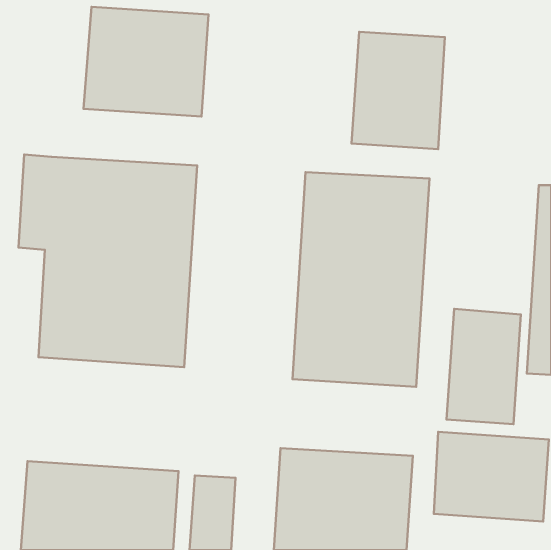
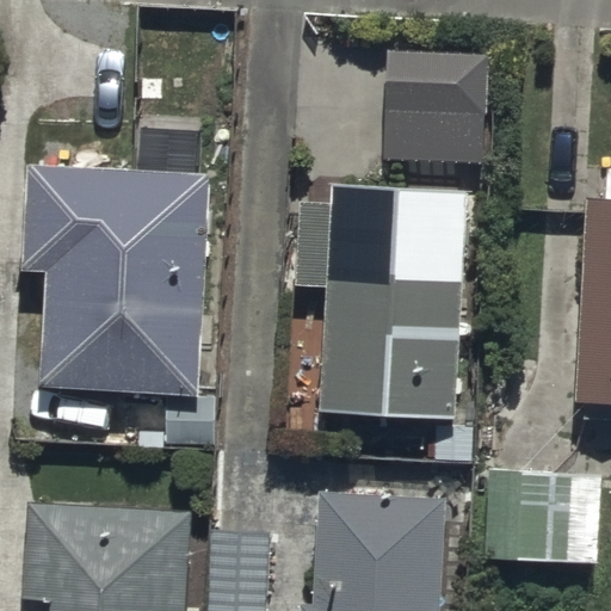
building: [84,7,208,117] -> none
building: [446,309,521,424] -> none

